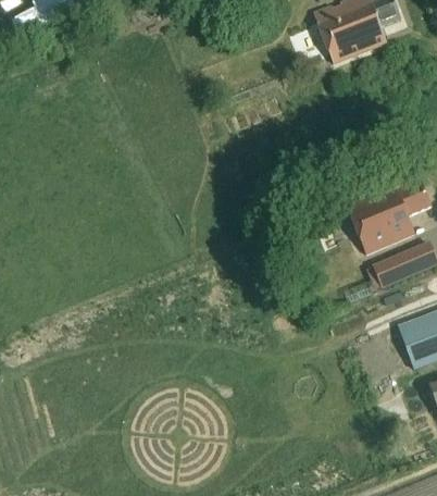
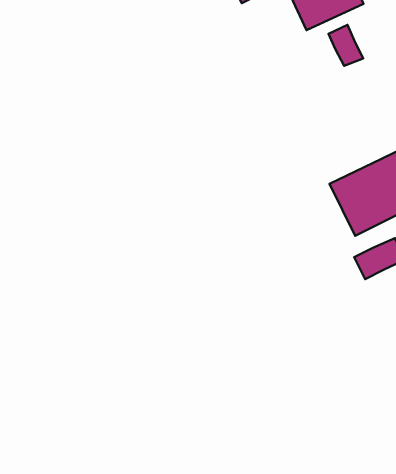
building: none -> [329,25,363,66]

